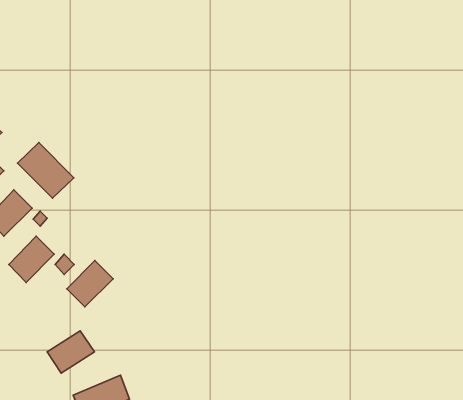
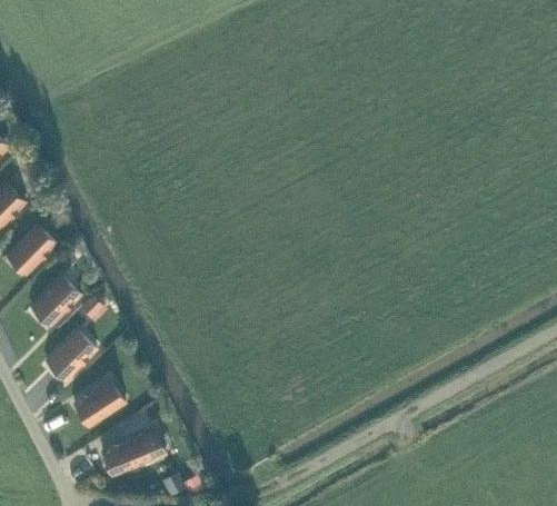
building: [17,143,74,198] -> none
building: [67,261,113,307] -> [44,330,96,381]

